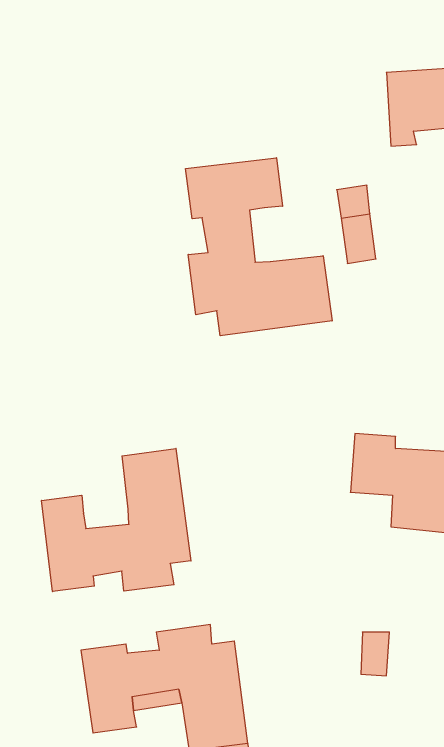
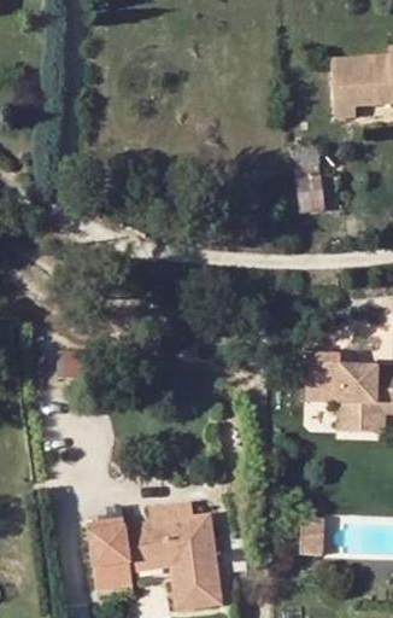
building: [186,158,332,336] -> none
building: [42,448,191,592] -> none

